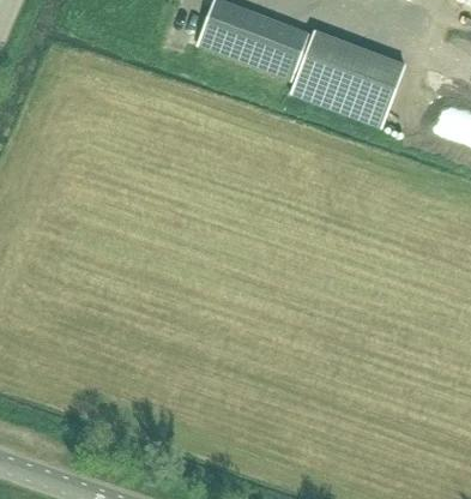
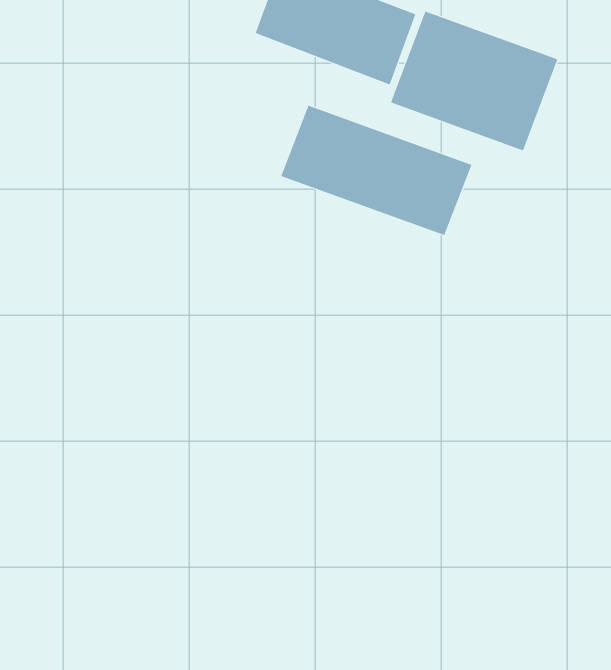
building: none -> [281,105,472,236]

